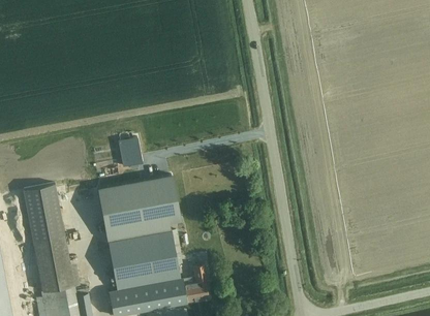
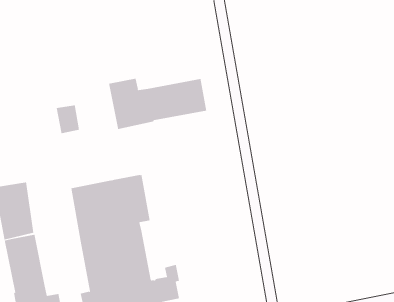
building: none -> [109,78,207,130]
building: [118,139,142,168] -> [56,105,80,134]

